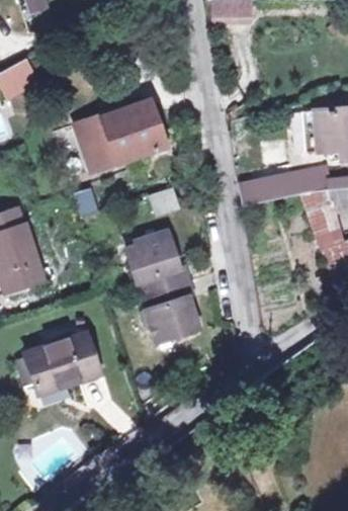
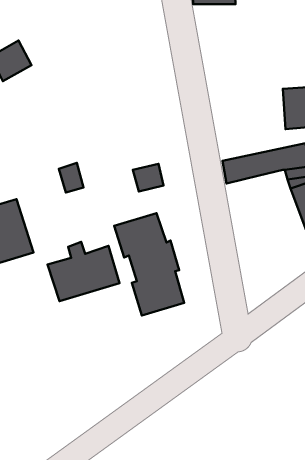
building: [82,104,163,172] -> none
building: [25,329,99,390] -> [48,242,120,301]

